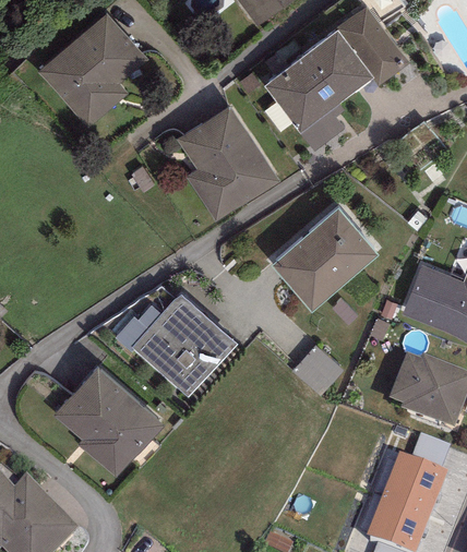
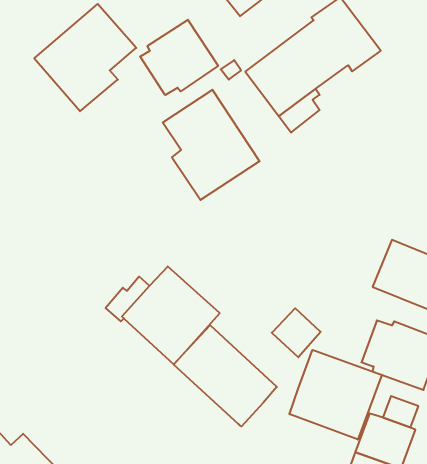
building: none -> [140,20,218,95]
building: [272,208,379,312] -> none
building: none -> [174,325,277,426]
building: [53,367,163,478] -> none
building: none -> [289,350,382,440]

